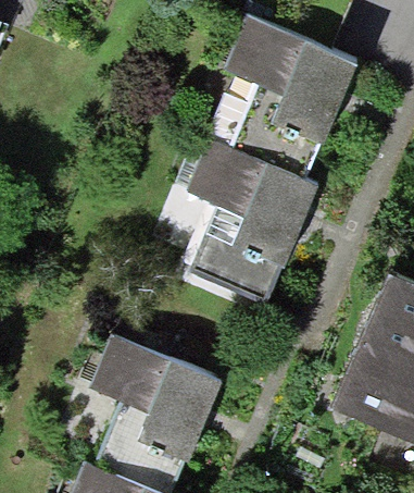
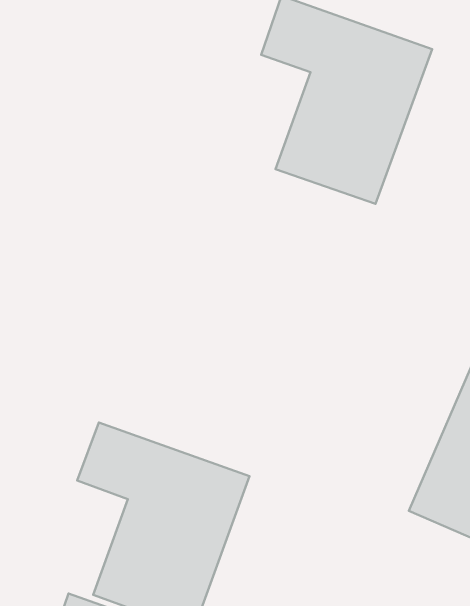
building: [192,149,321,306] -> none

